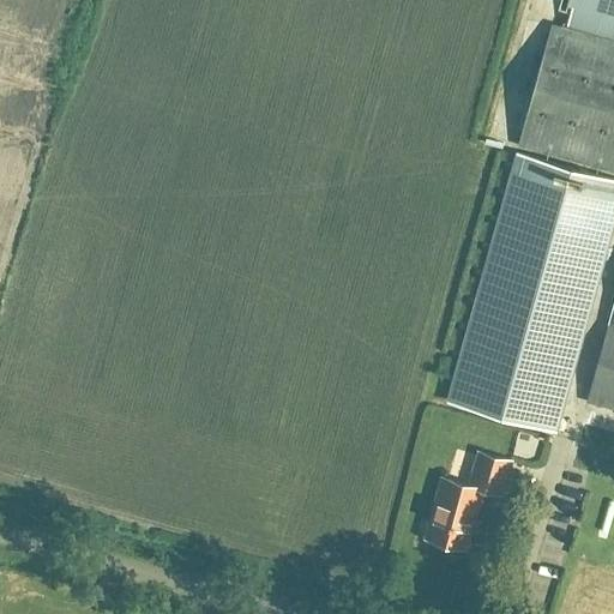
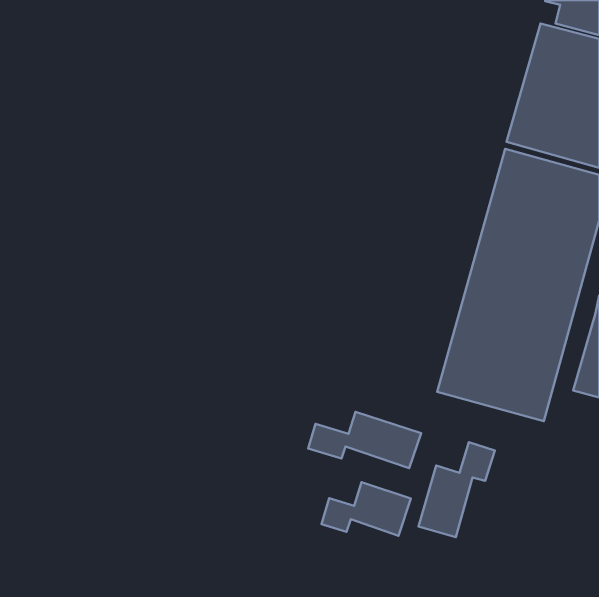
building: none -> [308,412,421,468]
building: none -> [321,482,411,536]

